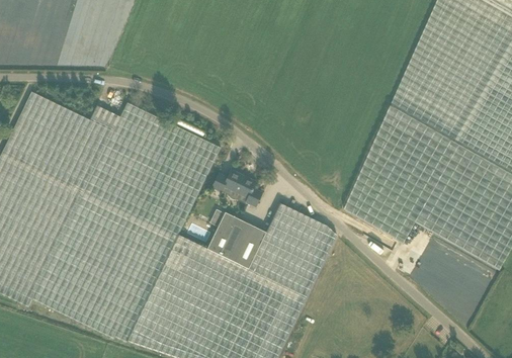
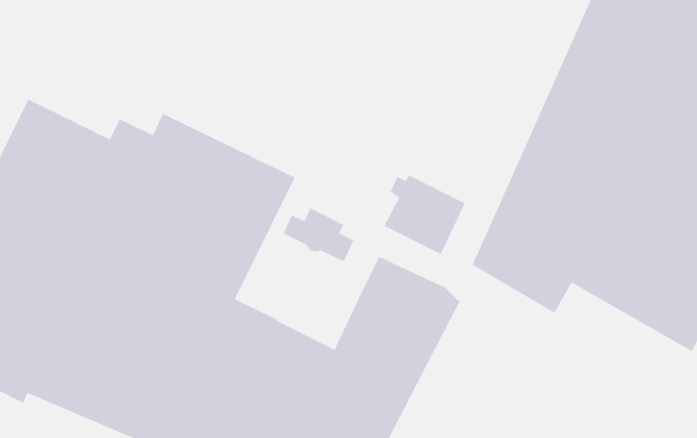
building: [207,212,265,269] -> [384,175,466,255]

